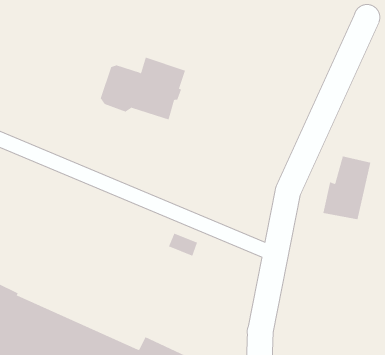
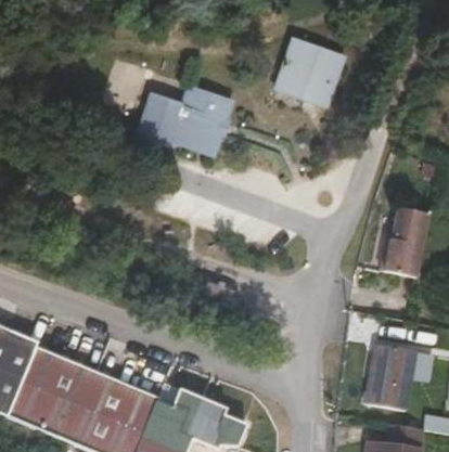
building: none -> [279,37,355,111]
building: none -> [365,340,415,404]

